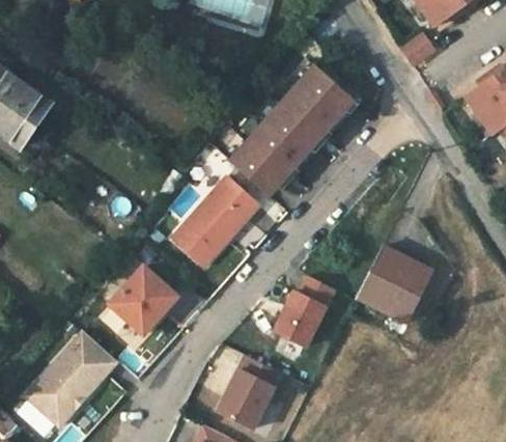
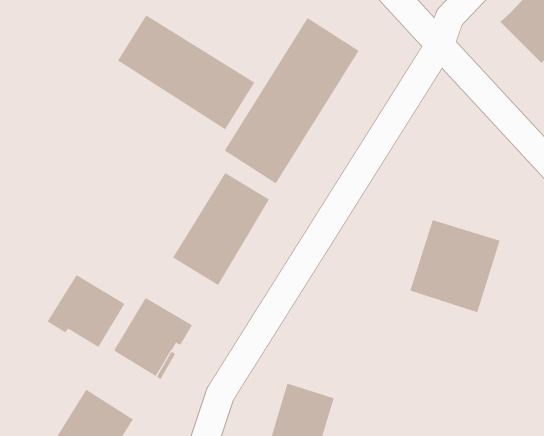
building: none -> [117,15,255,130]
building: none -> [47,274,125,348]
building: [274,277,335,348] -> none

